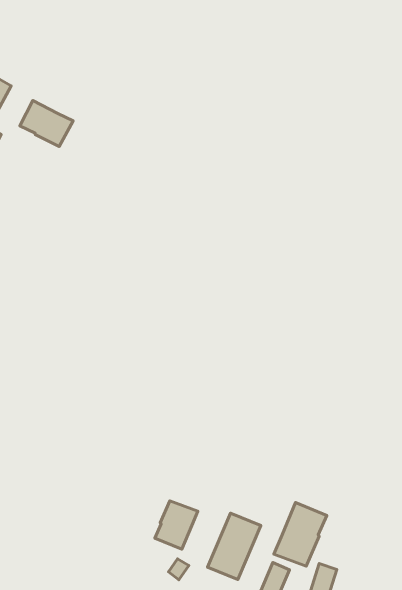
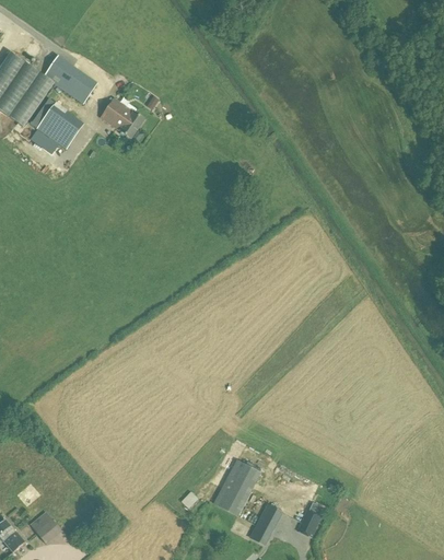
building: [155,501,198,549] -> none
building: [274,503,327,566] -> none

